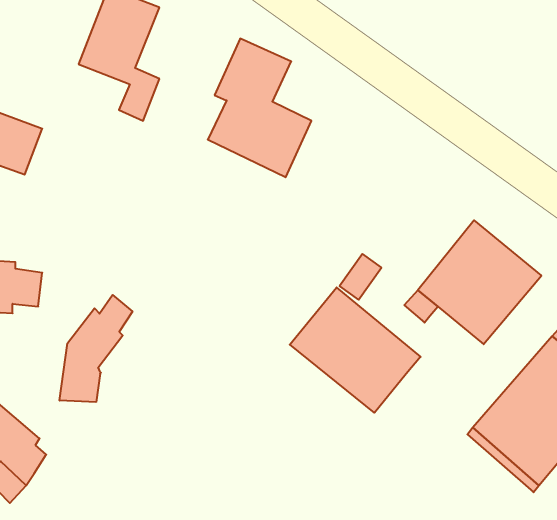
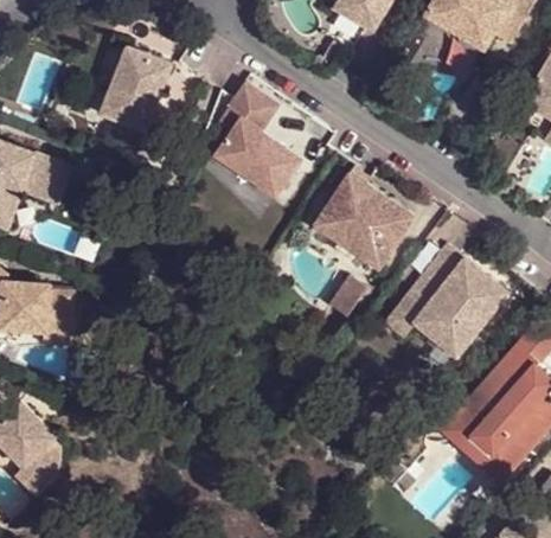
building: none -> [314,168,414,268]
building: [290,287,421,413] -> none
building: [60,295,132,402] -> none

